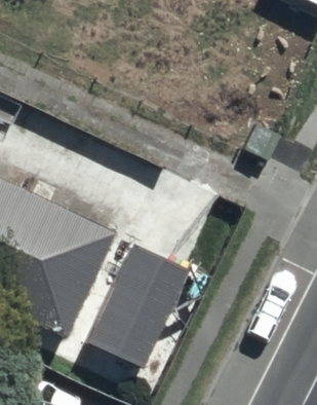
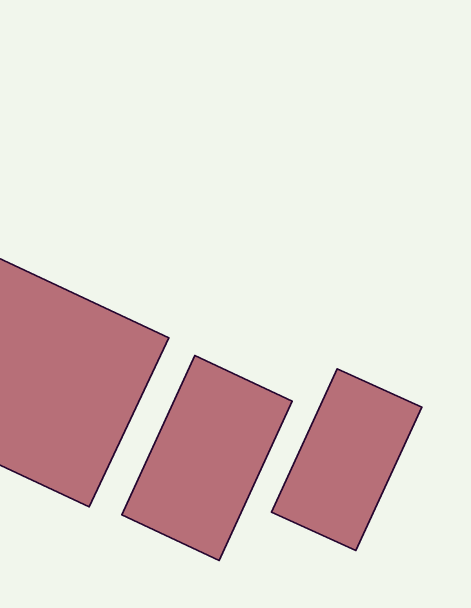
building: none -> [271,369,422,551]

